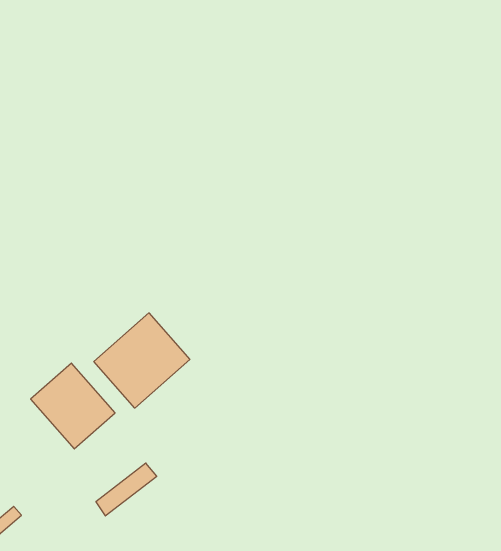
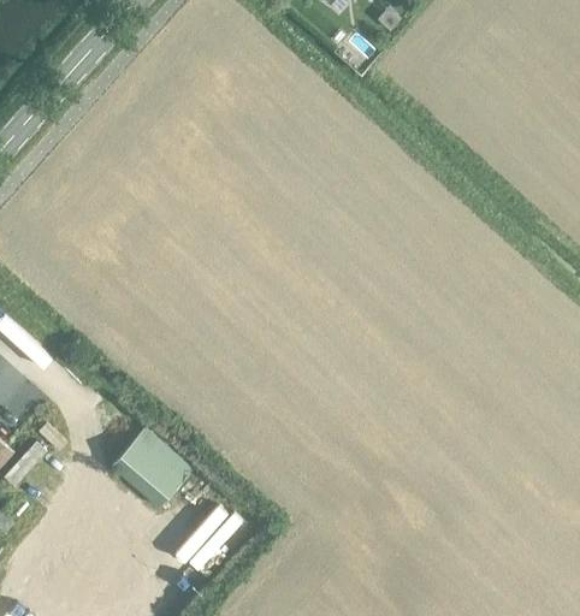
building: [94,313,190,408] -> none

